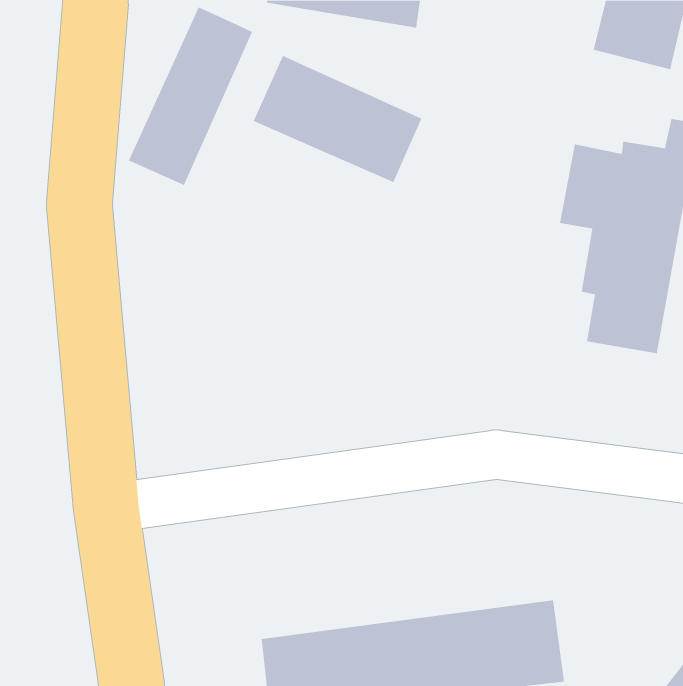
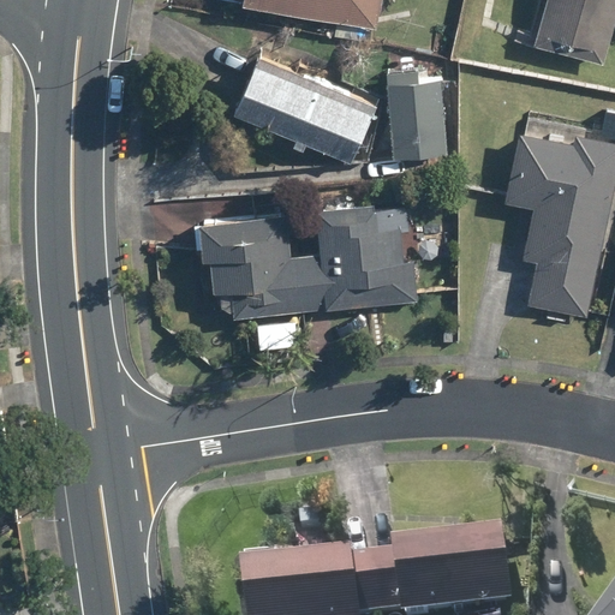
building: [128,6,253,186] -> none
building: none -> [387,67,452,159]
building: none -> [192,198,418,321]

